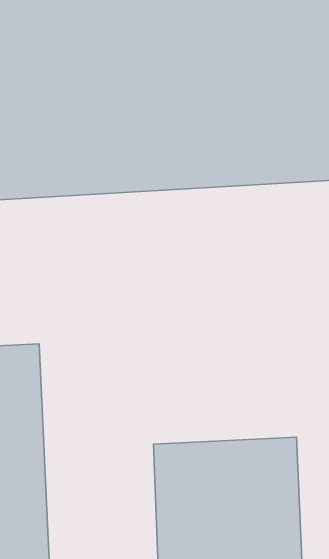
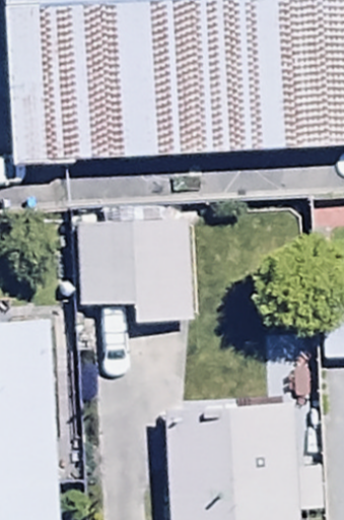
building: none -> [68,215,194,317]

